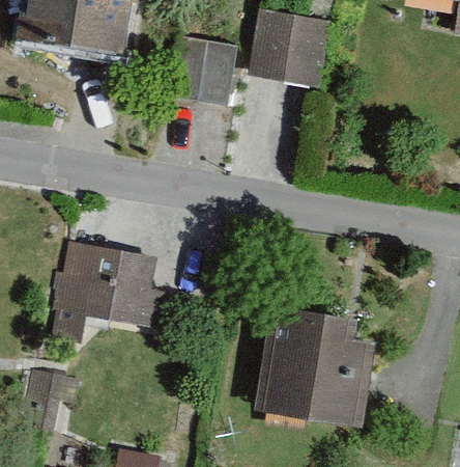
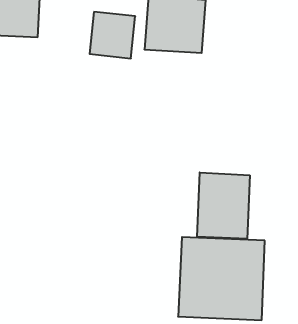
building: none -> [197,172,250,239]
building: [57,246,163,330] -> none

